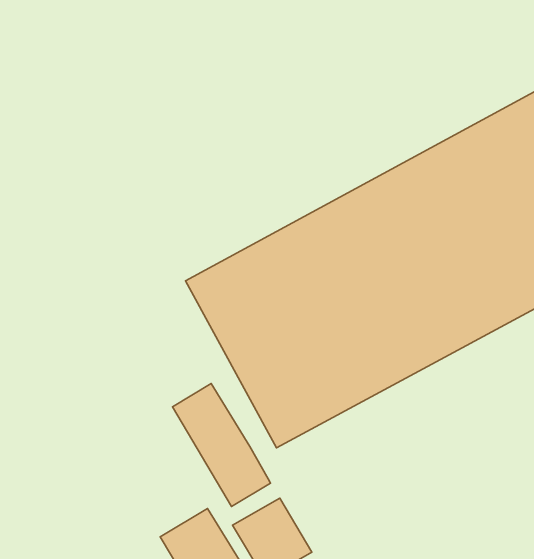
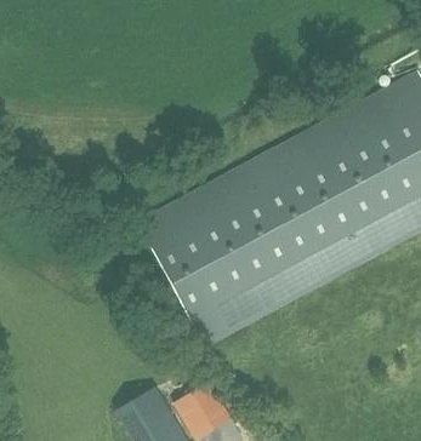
building: [172,384,270,506] -> none

